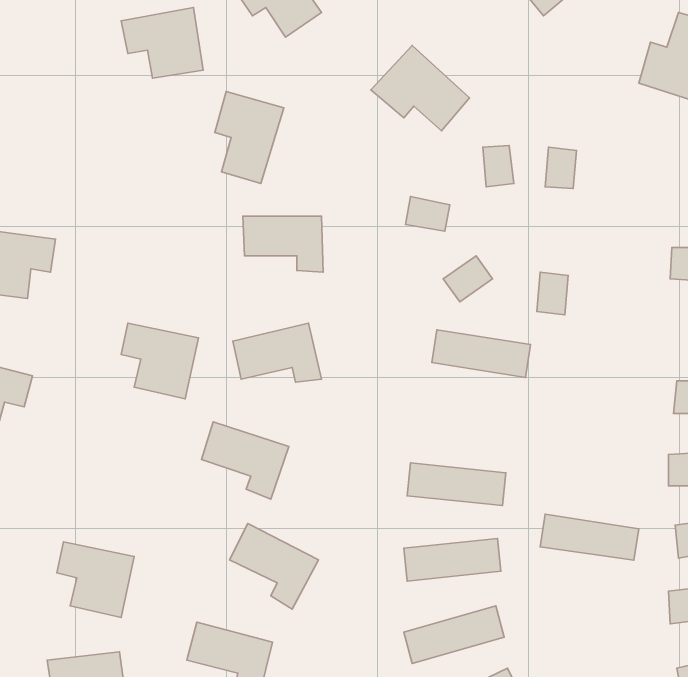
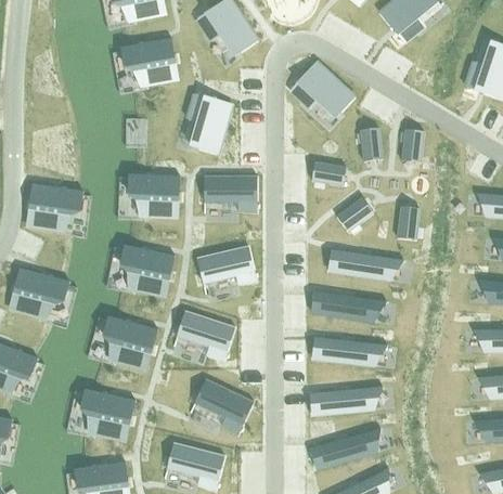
building: none -> [130,172,179,214]
building: none -> [105,315,156,367]
building: [540,514,639,560] -> [311,290,376,321]

